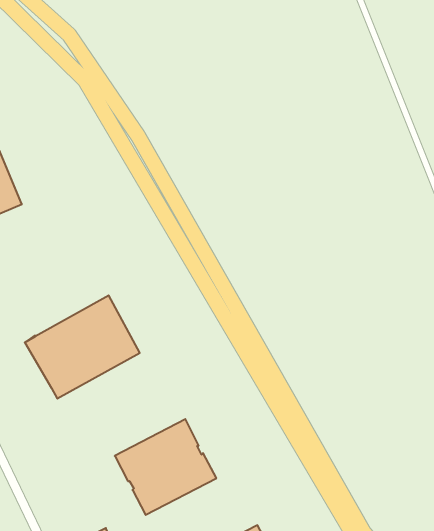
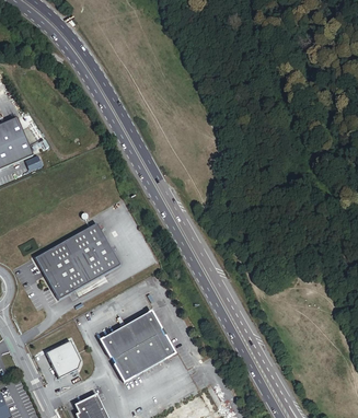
building: none -> [47,340,81,378]

